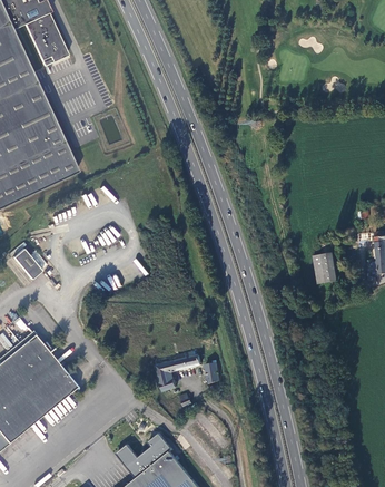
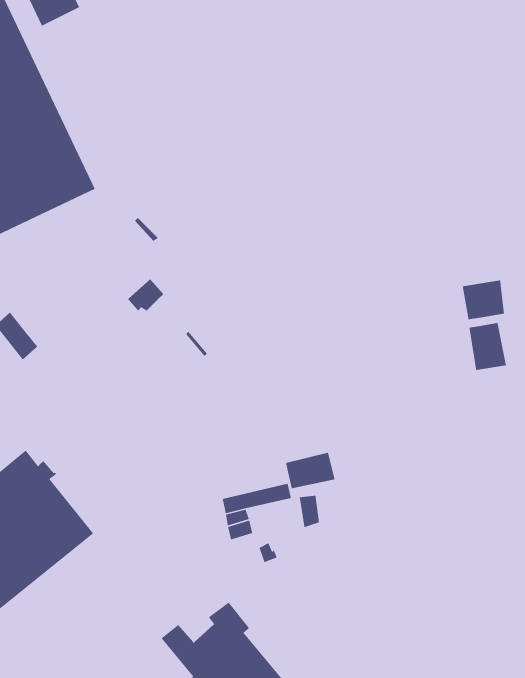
building: none -> [462,279,505,320]
building: none -> [285,452,335,489]

